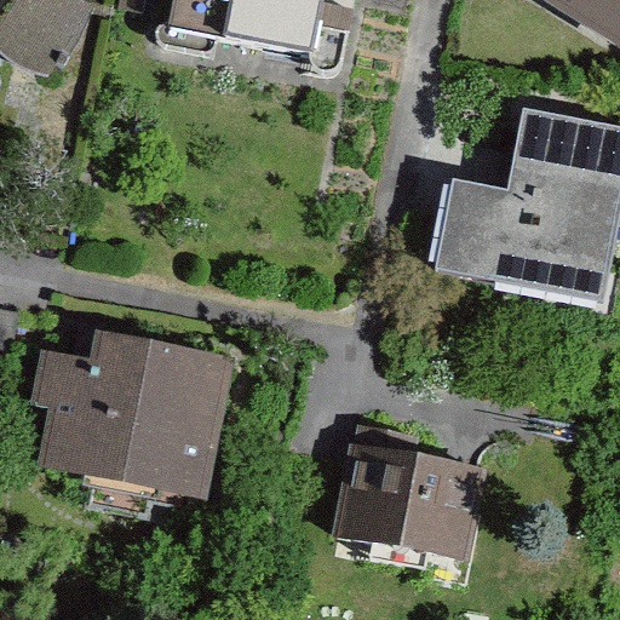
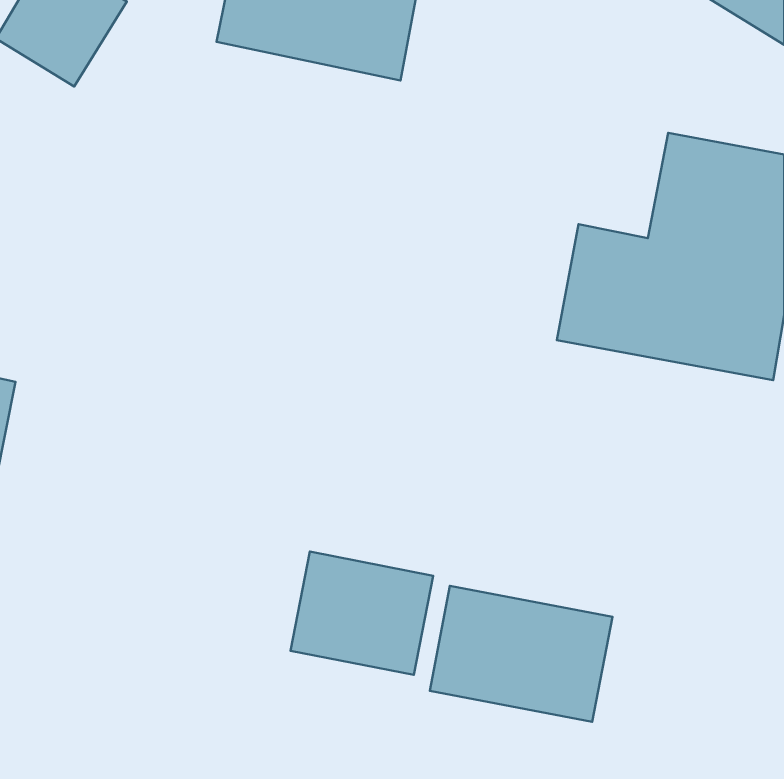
building: [31,331,225,489] -> none
building: none -> [290,552,433,675]

